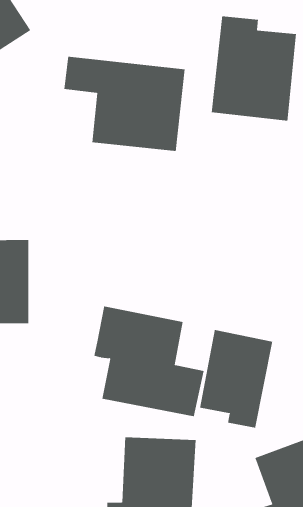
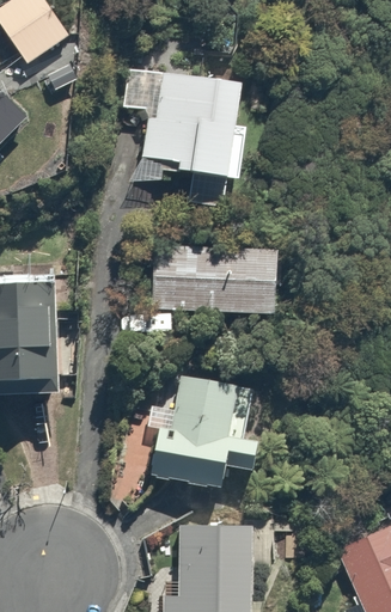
building: [211,16,297,122] -> none
building: none -> [143,244,283,318]
building: [199,329,273,428] -> none

